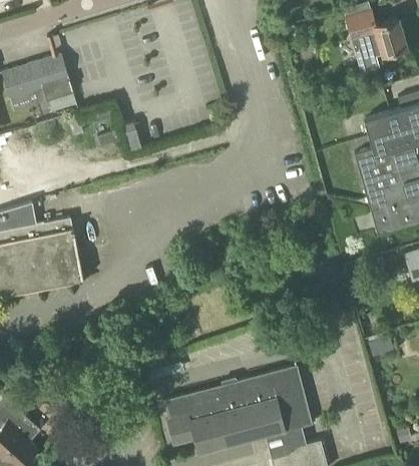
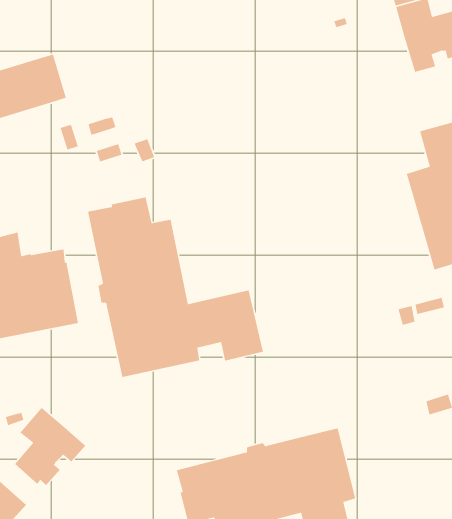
building: none -> [87,197,264,378]
building: none -> [14,407,86,486]

